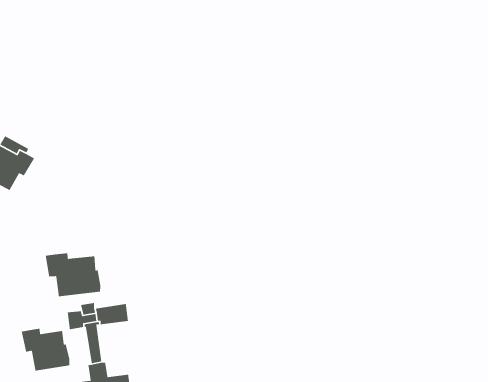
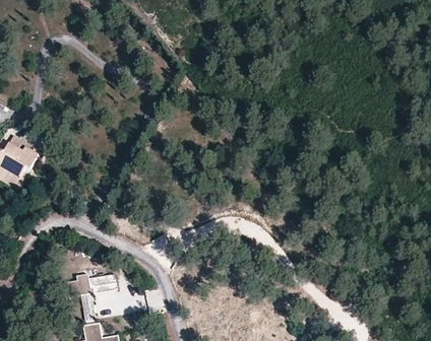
building: [45,253,101,297] -> none
building: [21,328,70,371] -> none

